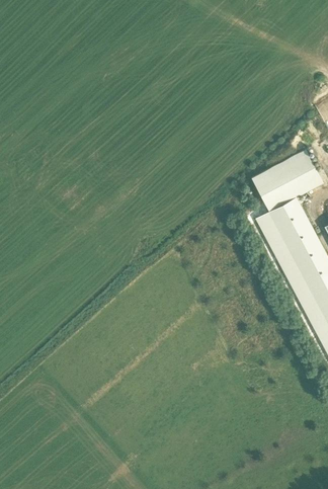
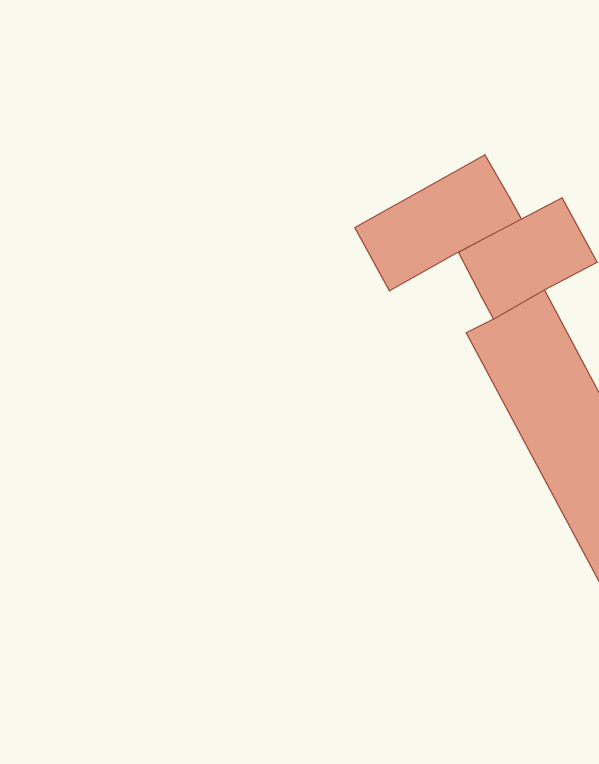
building: none -> [355,155,521,291]

